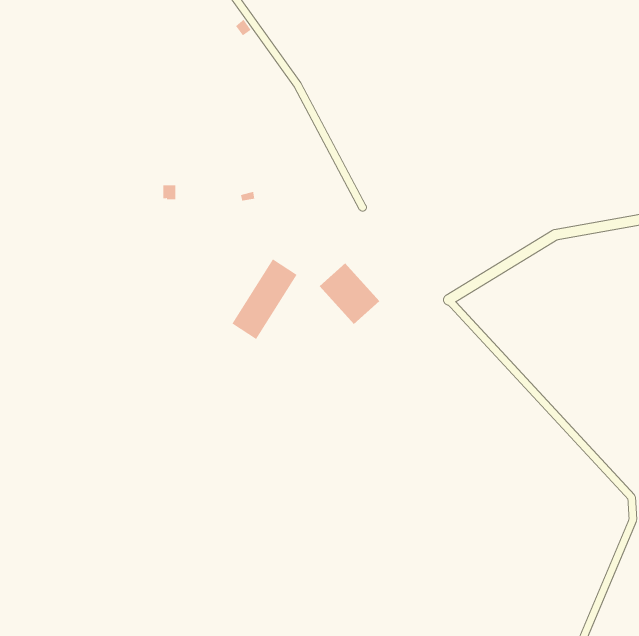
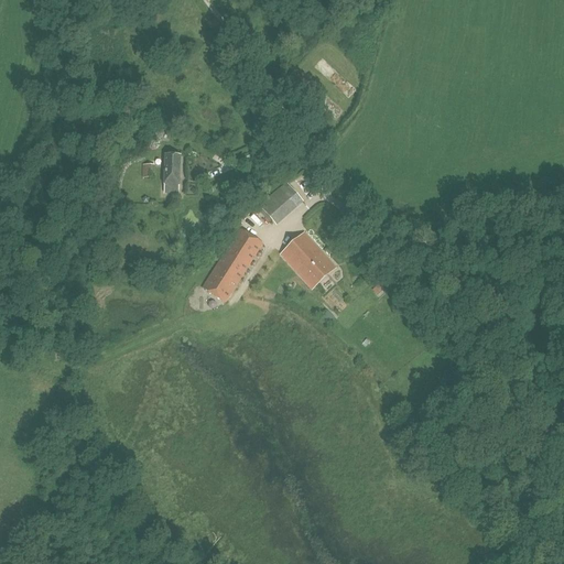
building: none -> [163,154,180,192]
building: none -> [259,181,304,224]

